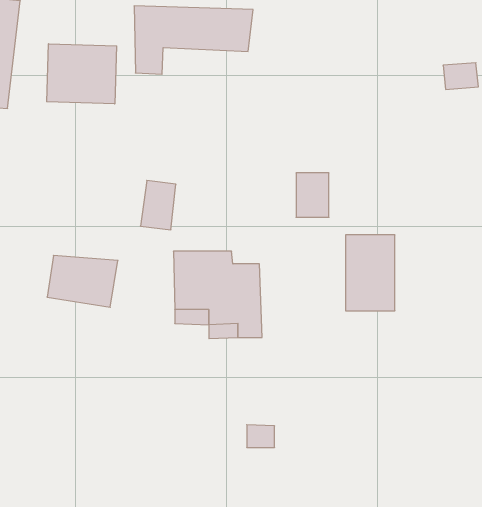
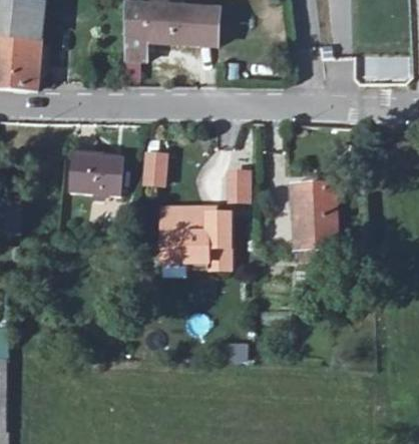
building: [47,44,117,104] -> none
building: [296,173,329,217] -> [222,165,248,200]
building: [47,255,118,307] -> [71,155,127,196]

